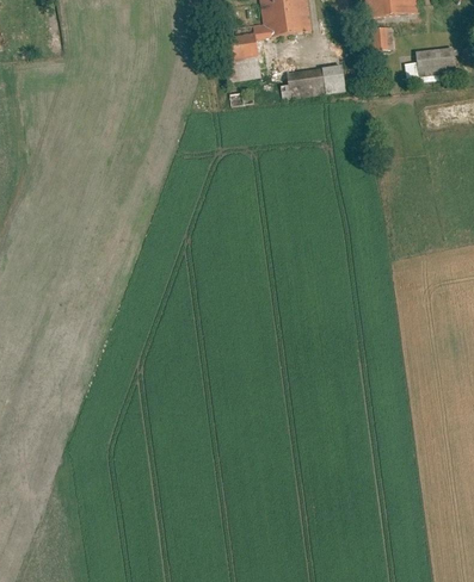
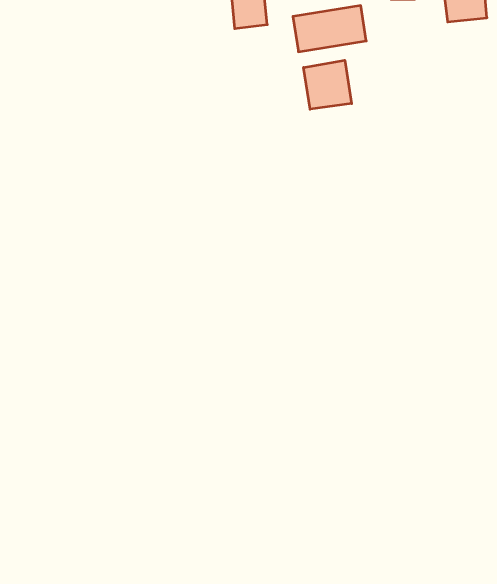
building: none -> [304,60,352,109]

